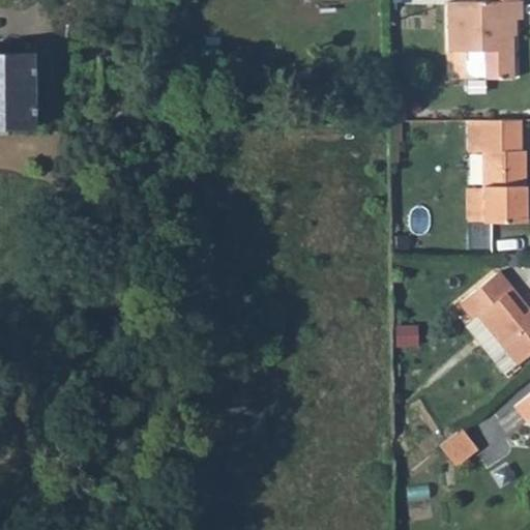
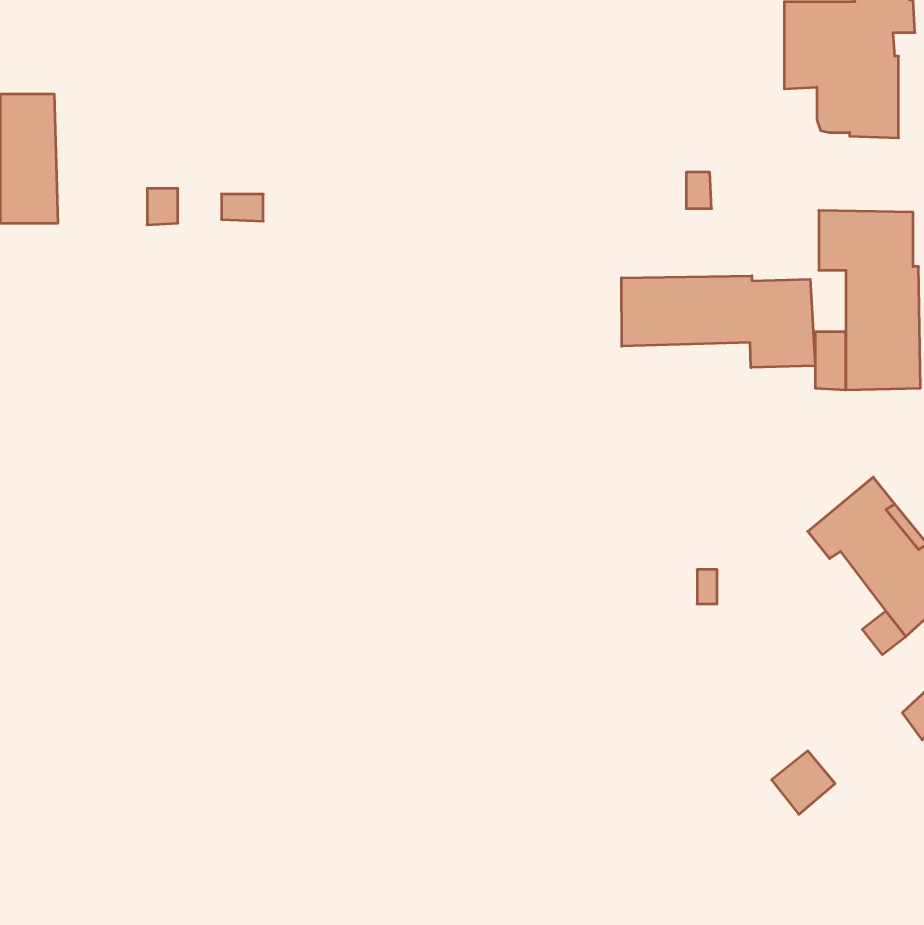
building: none -> [622,276,815,368]

